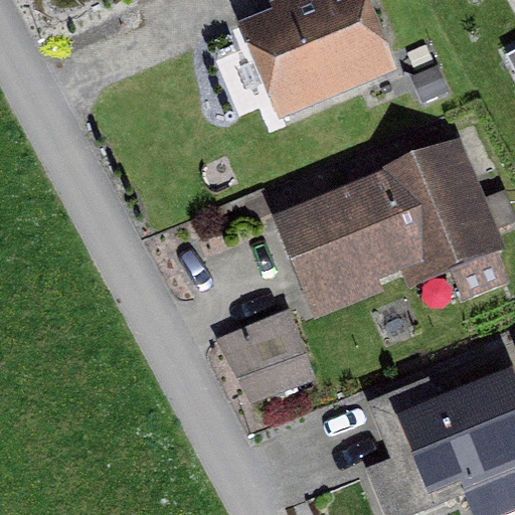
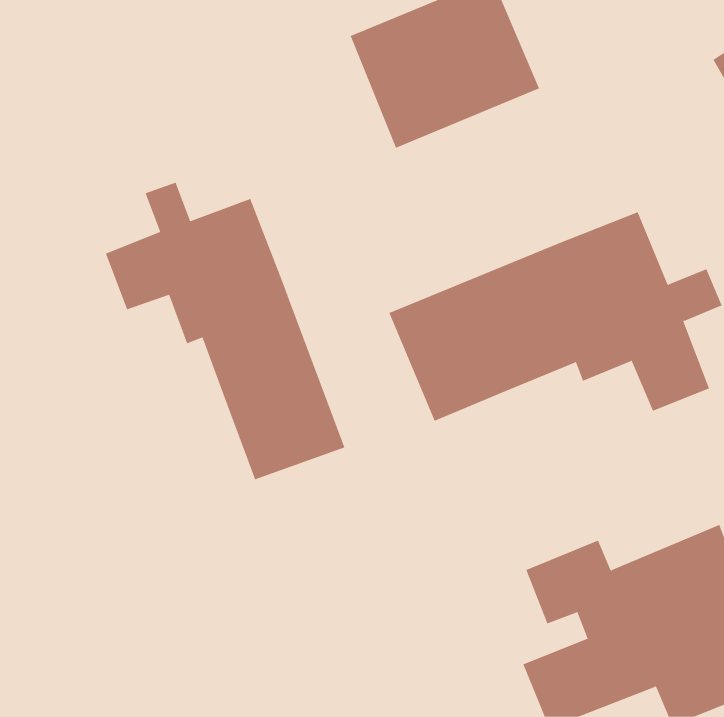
building: none -> [105,182,345,480]
building: [218,311,311,396] -> none

